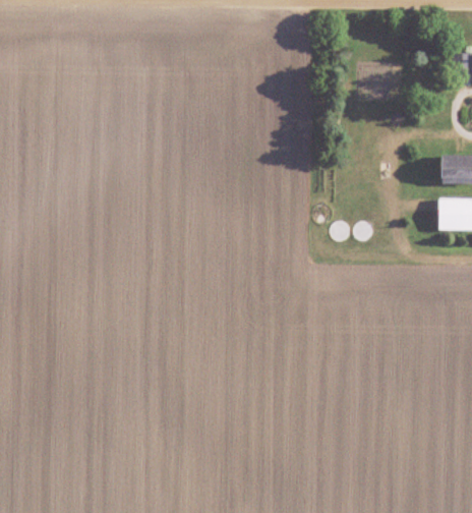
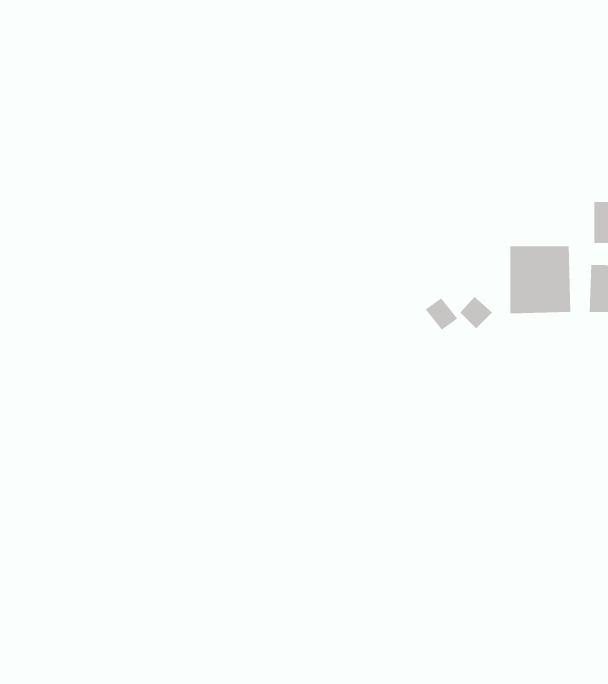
building: none -> [510,245,571,314]

